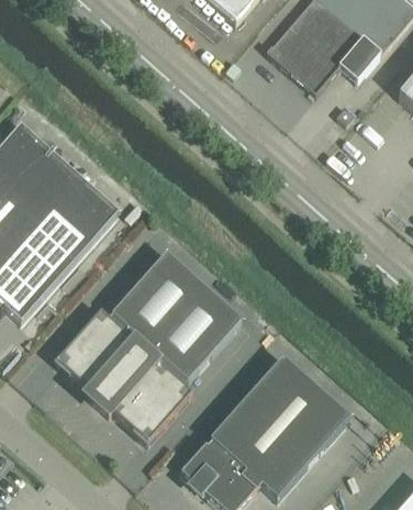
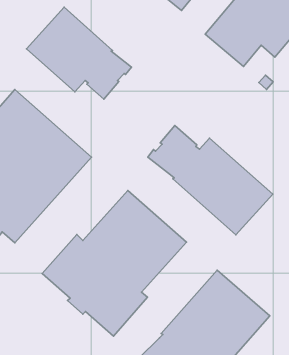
building: none -> [26,7,132,99]
building: none -> [148,125,273,235]

